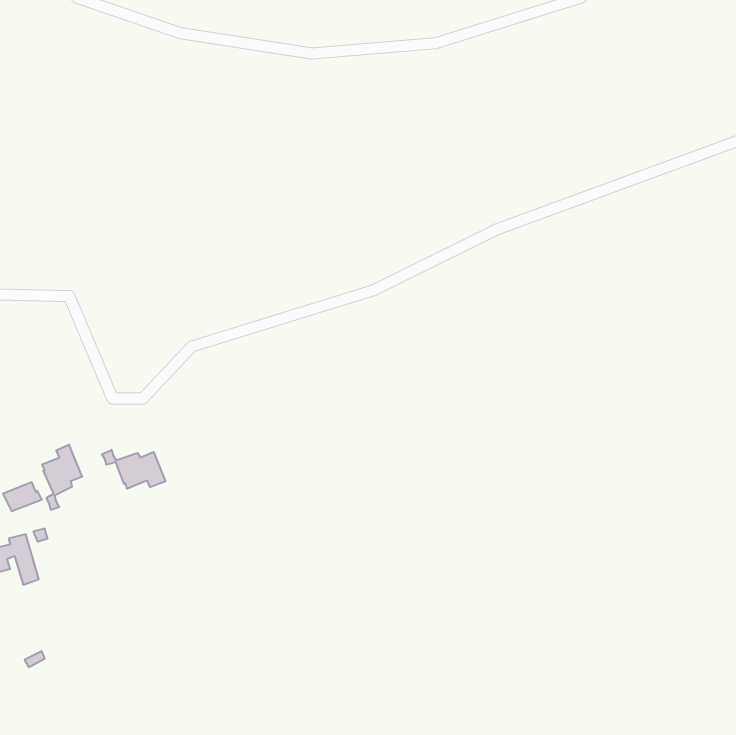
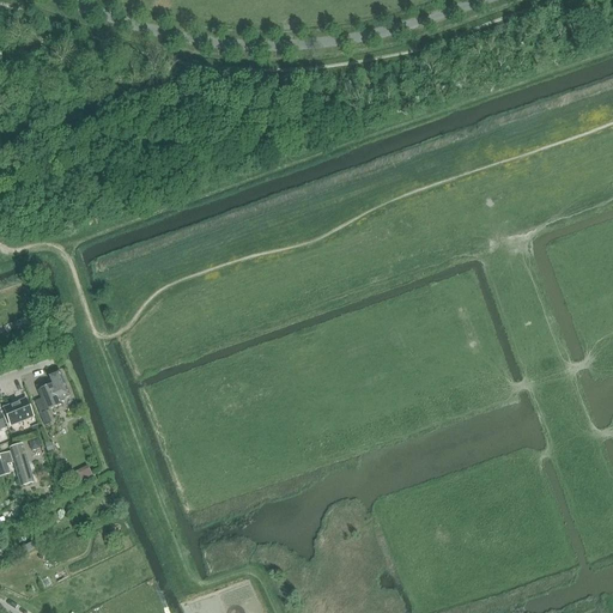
building: [102,450,165,489] -> none

